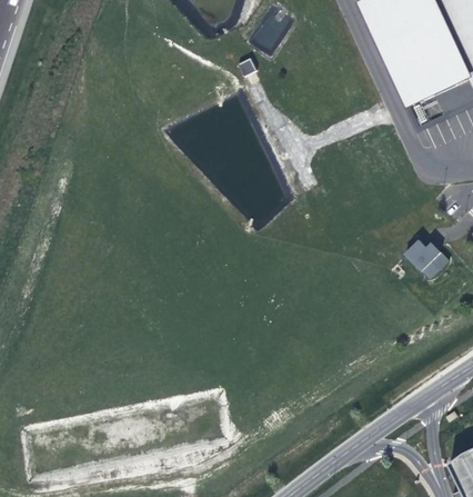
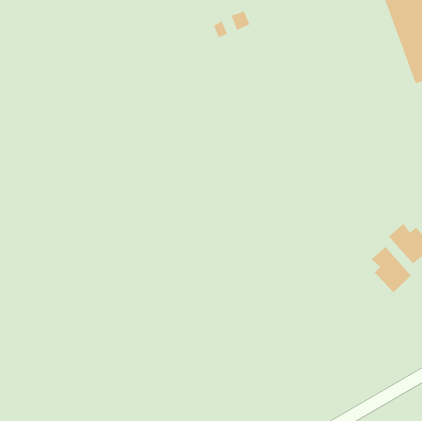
building: none -> [371,246,411,293]

